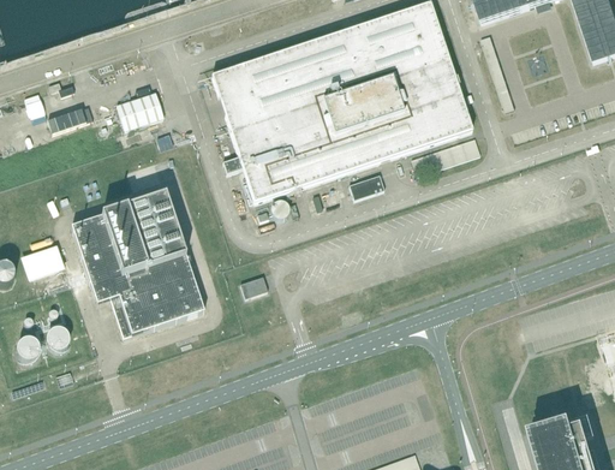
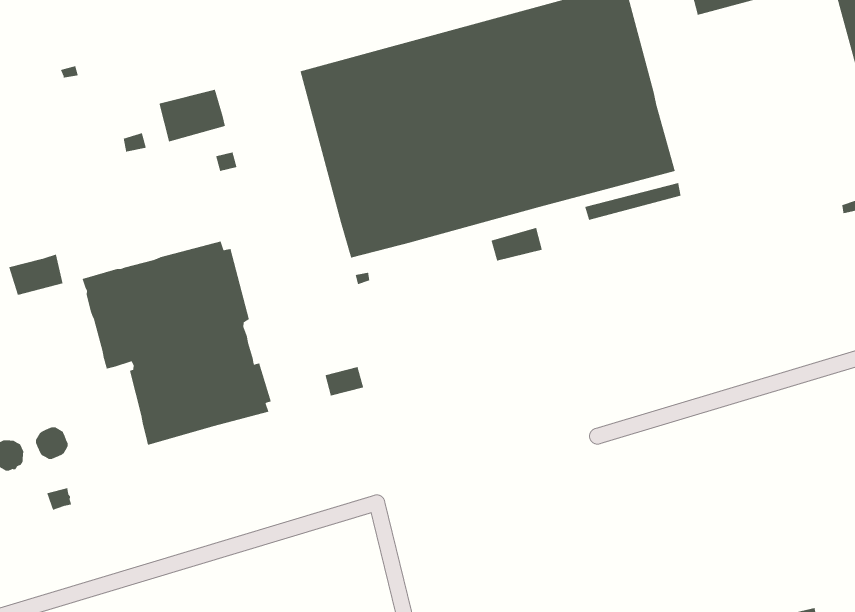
building: [22,244,60,274] -> [8,254,64,295]

